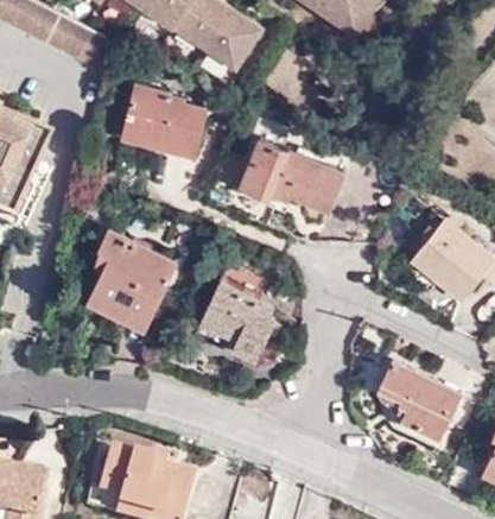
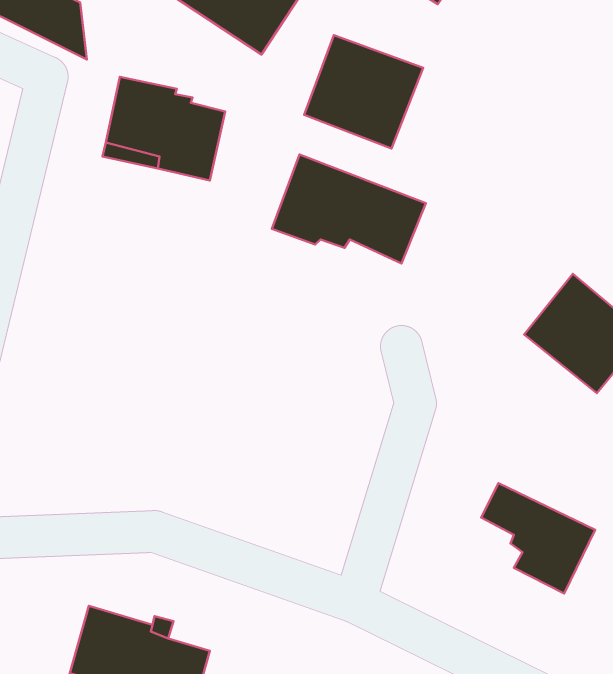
building: none -> [304,35,423,148]
building: [89,229,174,323] -> none
building: [202,262,279,359] -> none

